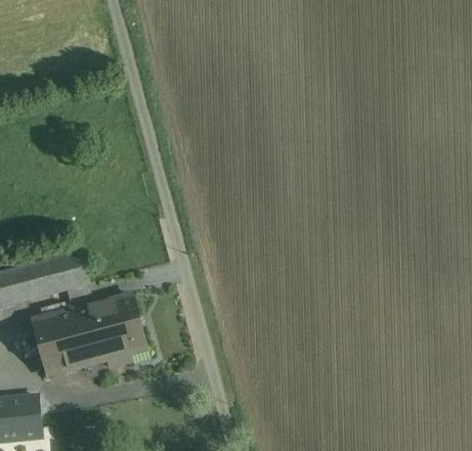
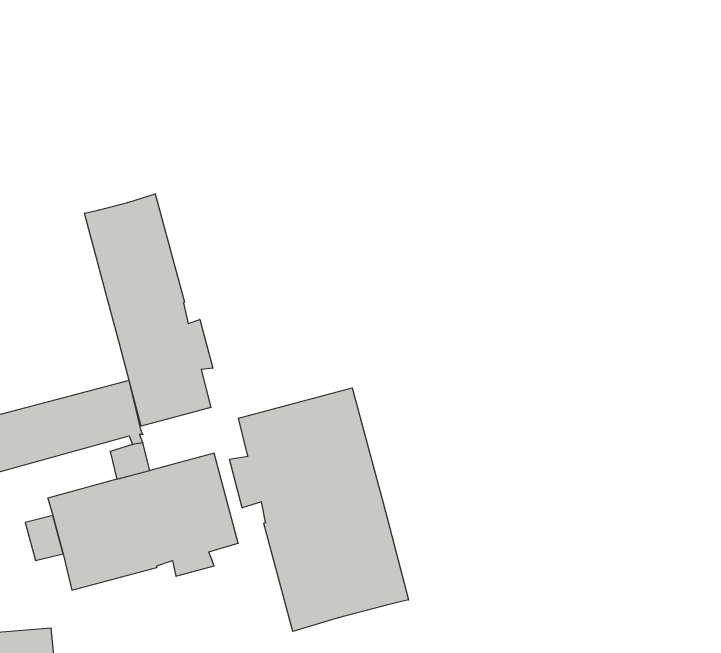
building: none -> [85,194,213,426]
building: none -> [229,388,409,631]

